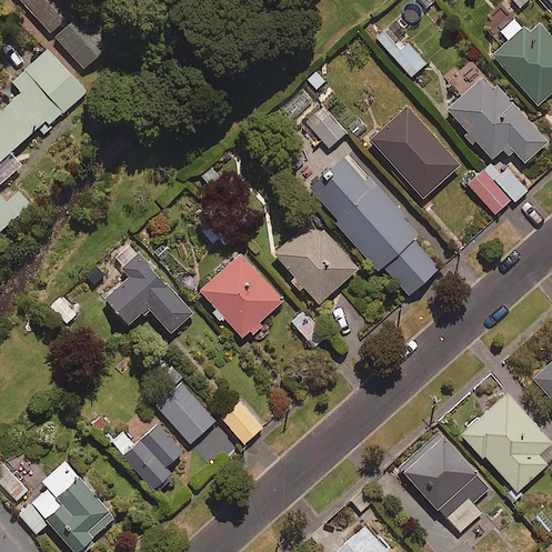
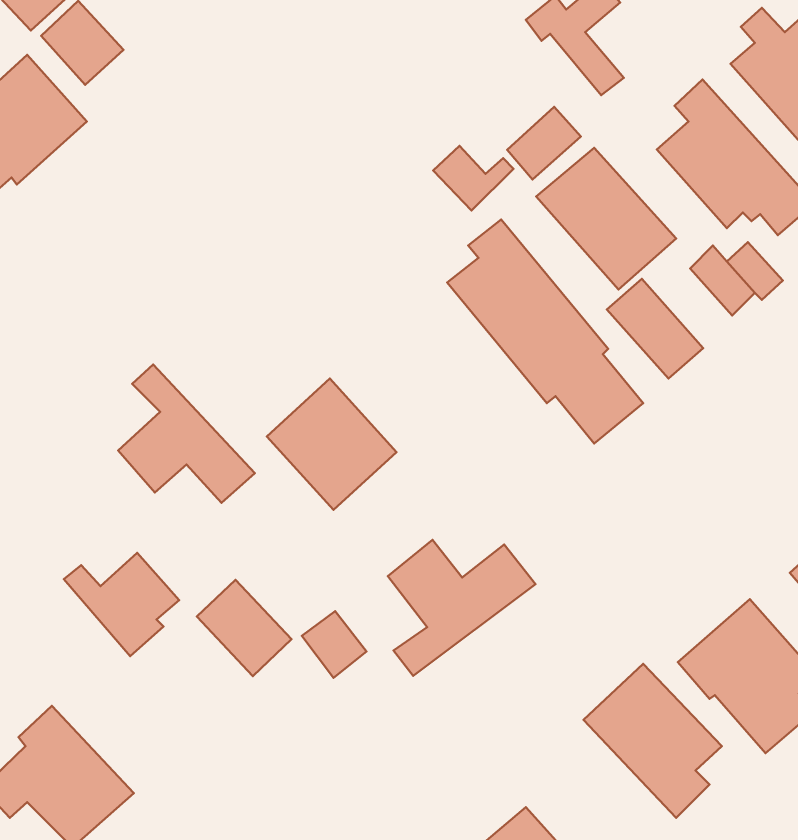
building: none -> [507,107,581,179]
building: none -> [607,279,703,379]
building: [274,219,358,303] -> none
building: none -> [388,540,535,676]
building: [111,424,184,490] -> [64,553,179,656]

